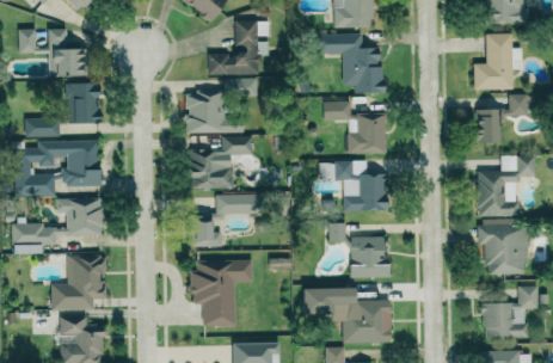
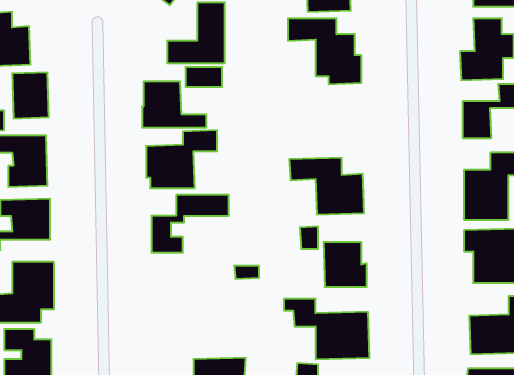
building: [324,101,386,153] -> none
building: [190,259,253,326] -> none

